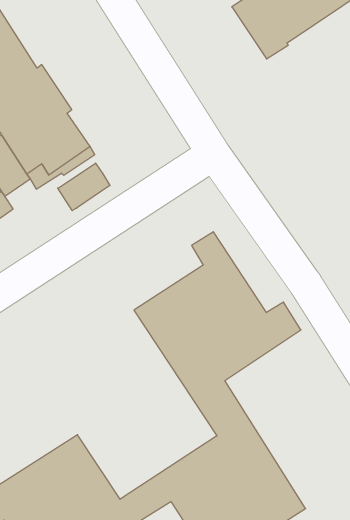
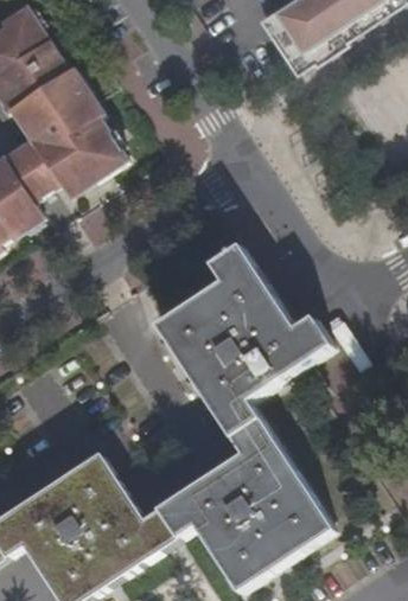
building: [58,163,110,211] -> none

